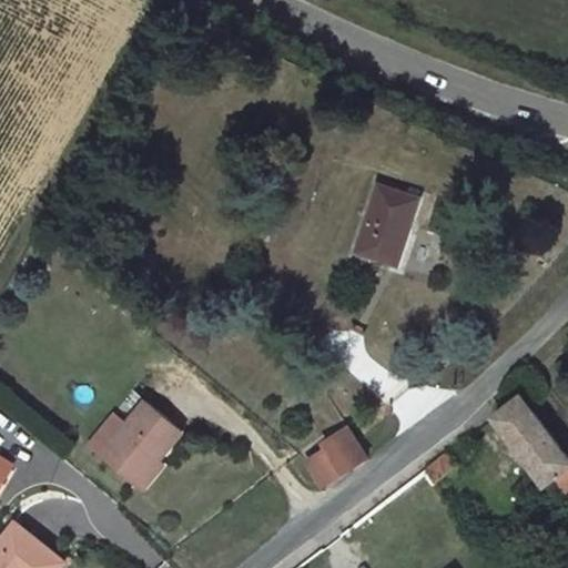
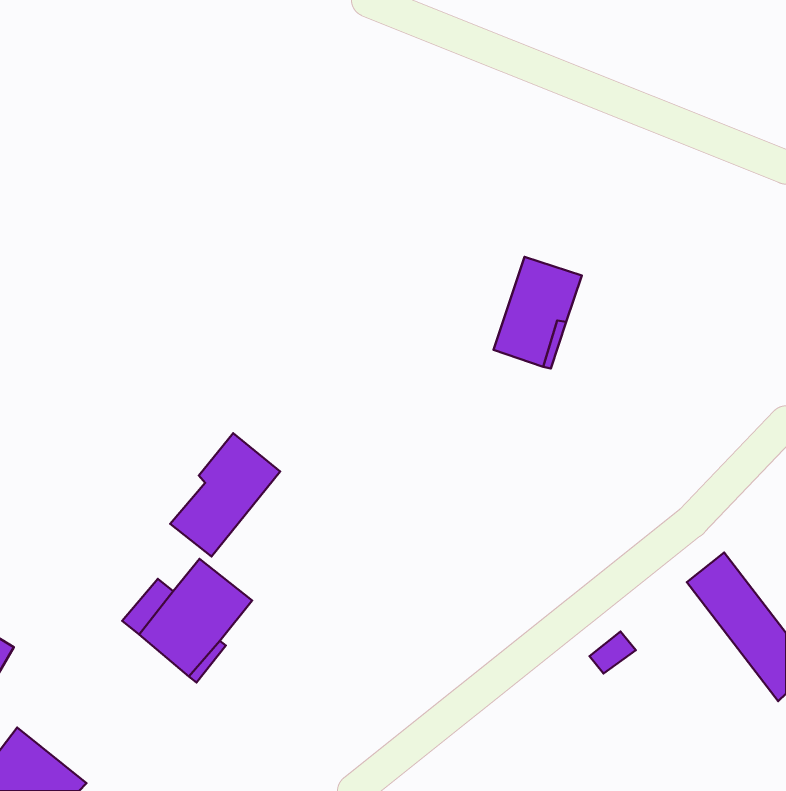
building: none -> [170,433,280,557]
building: [307,426,365,486] -> none

